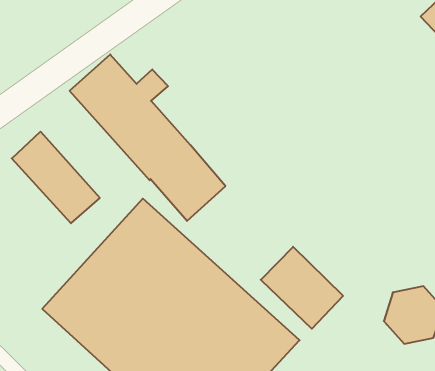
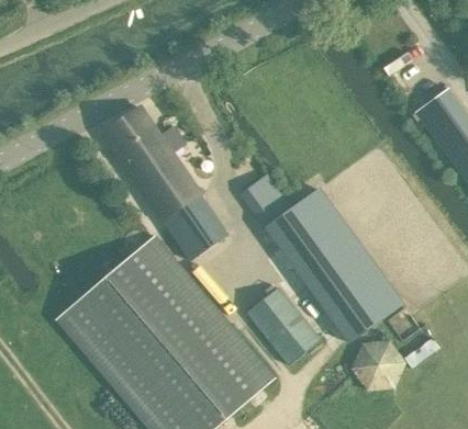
building: none -> [242,172,398,339]
building: [12,132,100,223] -> none

